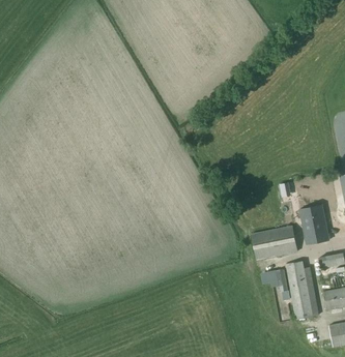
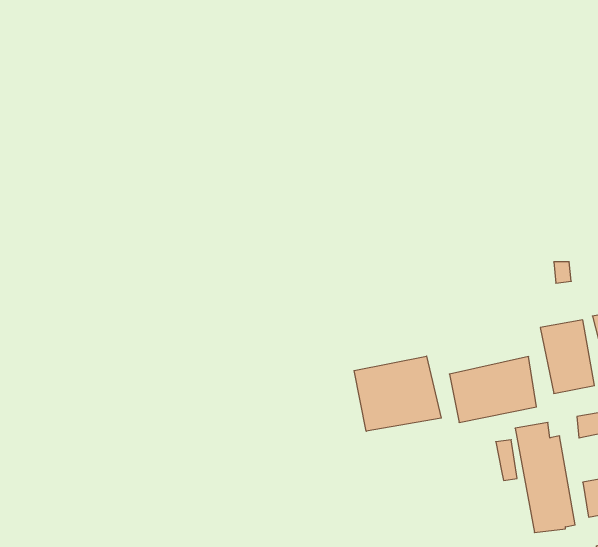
building: none -> [354,356,441,431]

